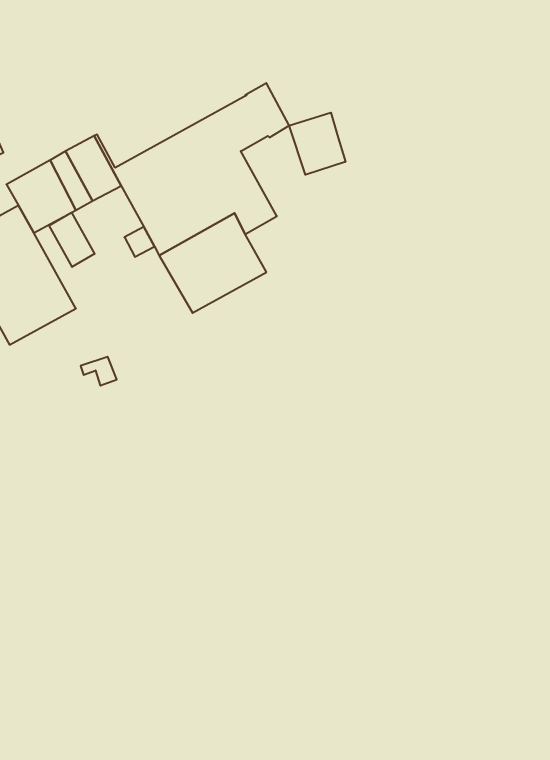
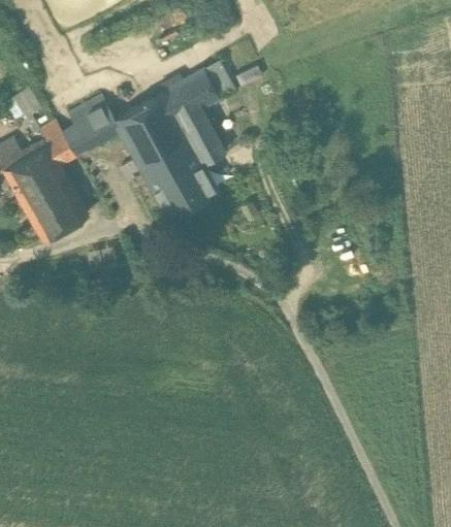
building: [289,113,345,175] -> none
building: [49,213,95,267] -> none

